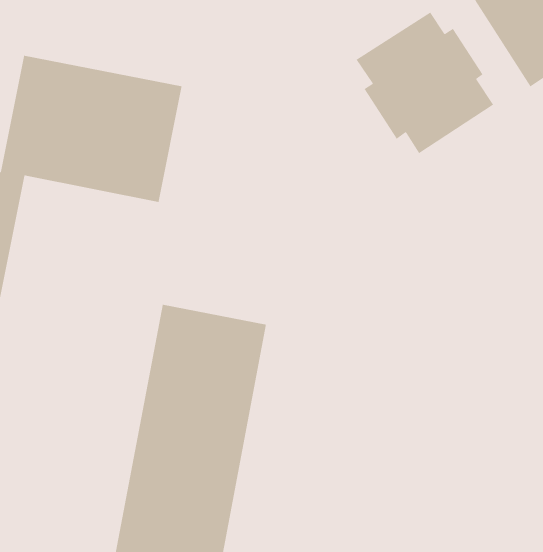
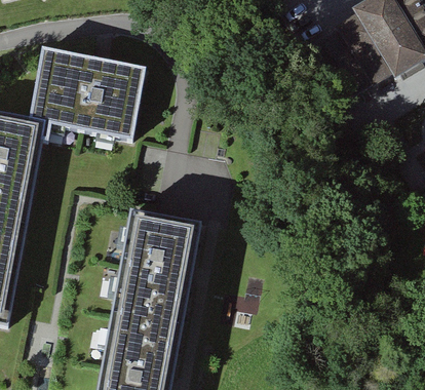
building: [355,11,494,154] -> none

